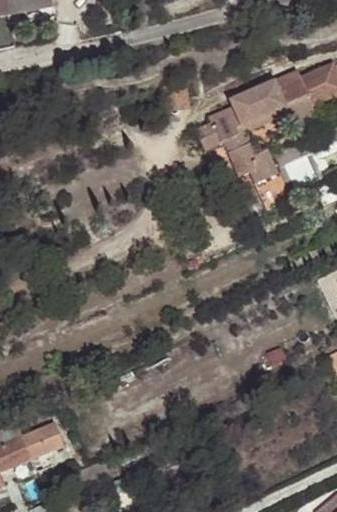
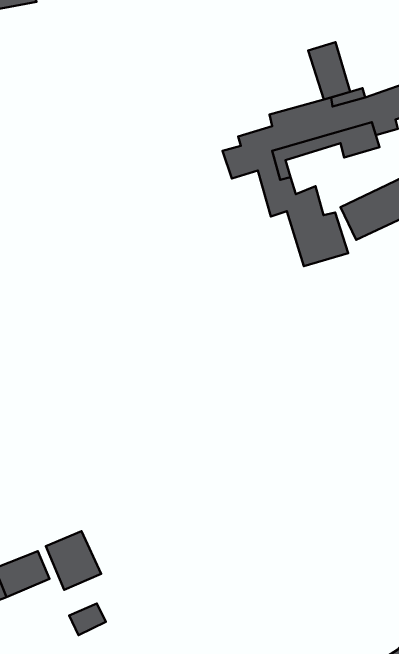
building: none -> [308,42,350,99]
building: none -> [46,531,101,590]

